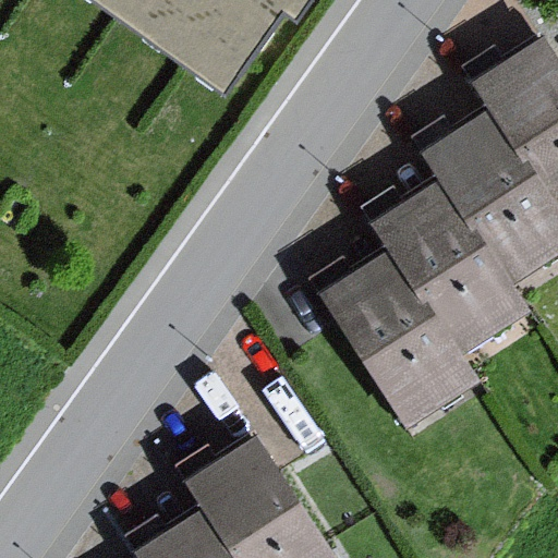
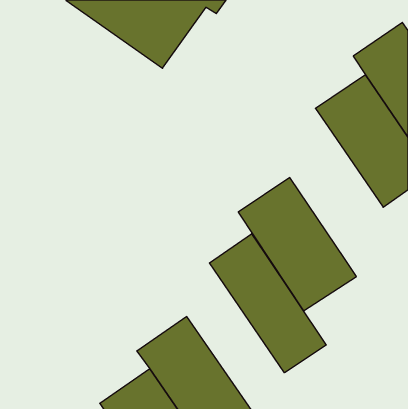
building: [376,174,535,354] -> none
building: none -> [209,234,326,373]

